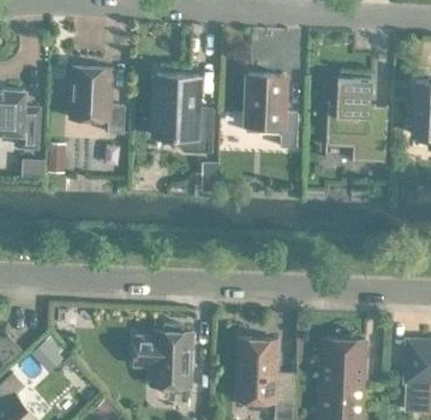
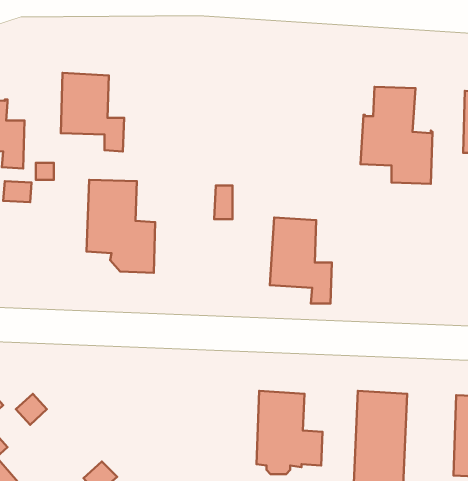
building: [154,74,212,154] -> [86,180,155,273]
building: [244,74,297,148] -> [270,217,332,303]
building: [133,324,191,388] -> none

